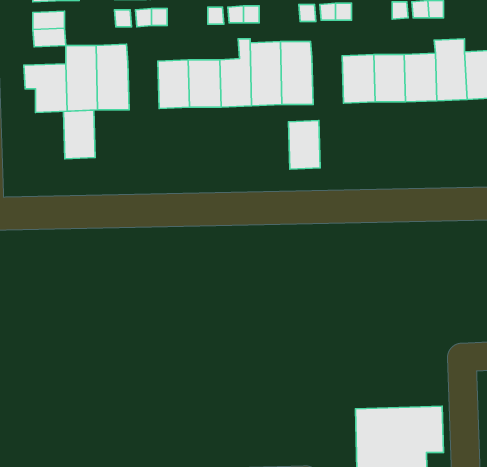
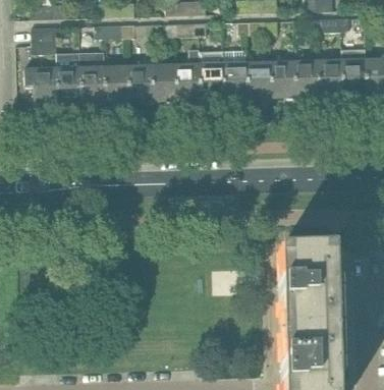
building: [63,110,95,159] -> [104,64,128,102]
building: [288,120,320,169] -> [246,60,271,98]
building: none -> [277,248,347,333]

